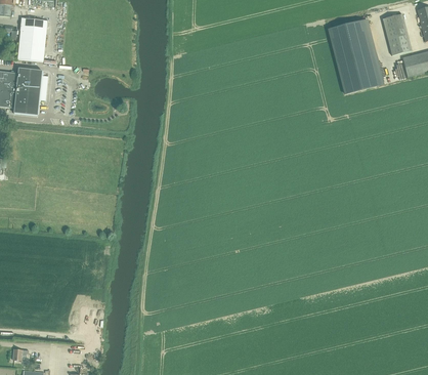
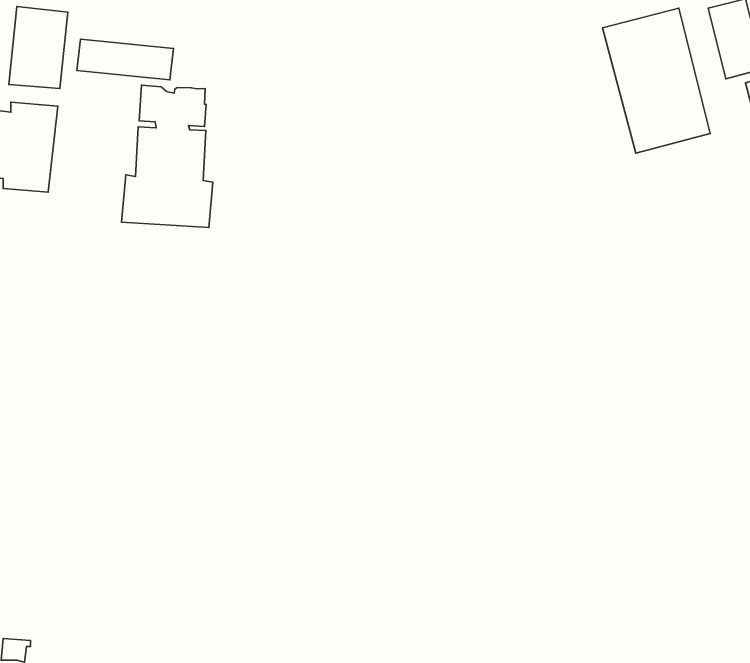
building: none -> [77,39,173,80]
building: none -> [122,85,213,228]

